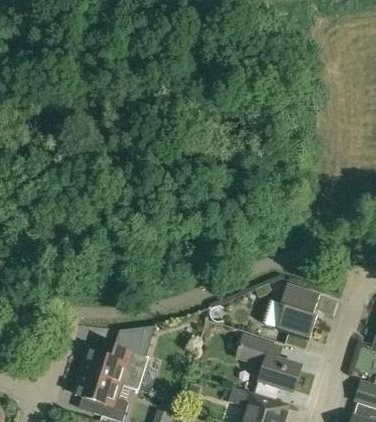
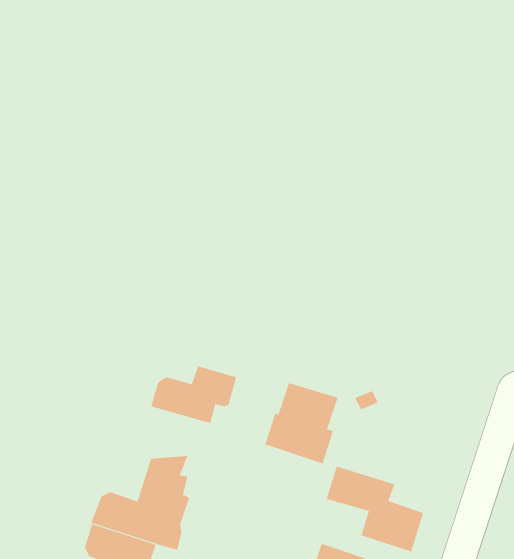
building: none -> [151,365,237,424]
building: [270,284,319,338] -> [264,382,338,464]

